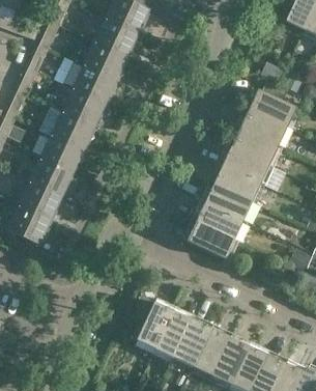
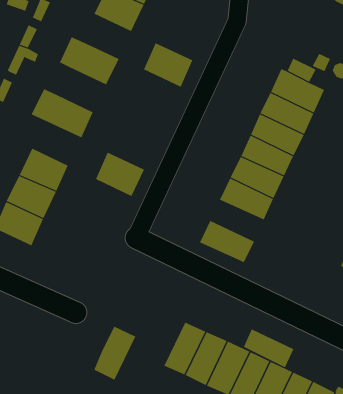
building: [83,40,126,80] -> [143,42,193,87]
building: [61,87,105,127] -> none
building: [39,134,83,173] -> [95,152,145,197]
building: [195,203,242,240] -> none
building: [136,301,173,348] -> [94,326,136,380]
building: none -> [243,328,294,368]

